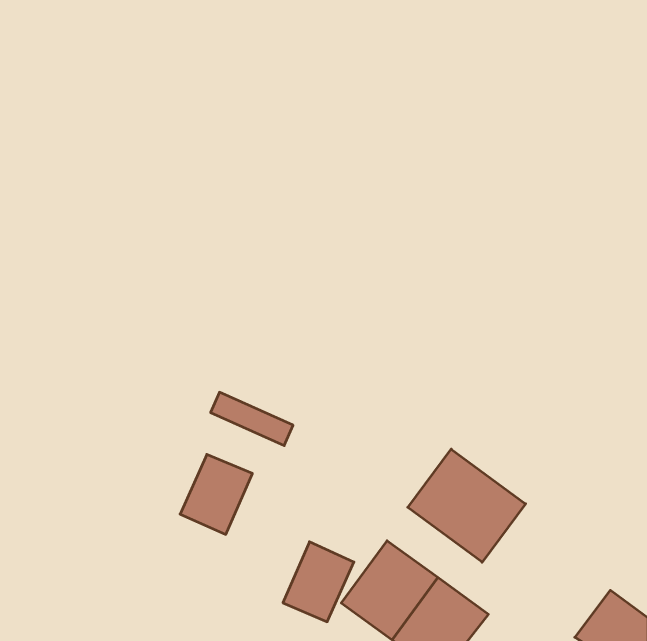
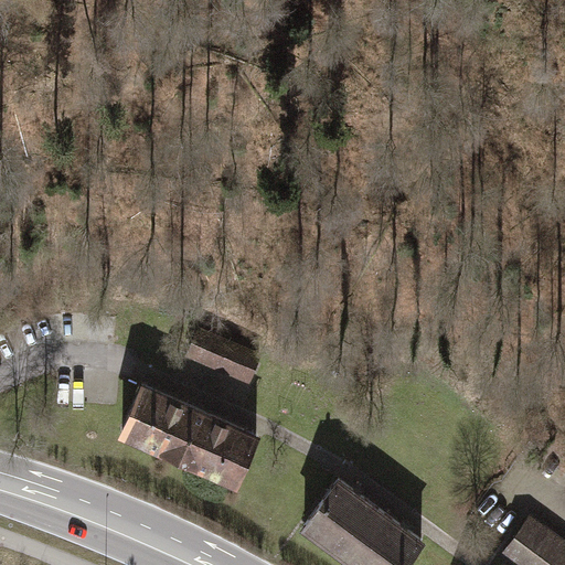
building: none -> [119,384,181,454]
building: [408,449,526,562] -> none
building: [283,542,354,622] -> [198,418,259,488]

